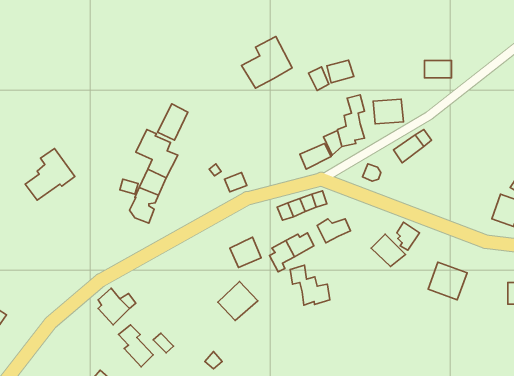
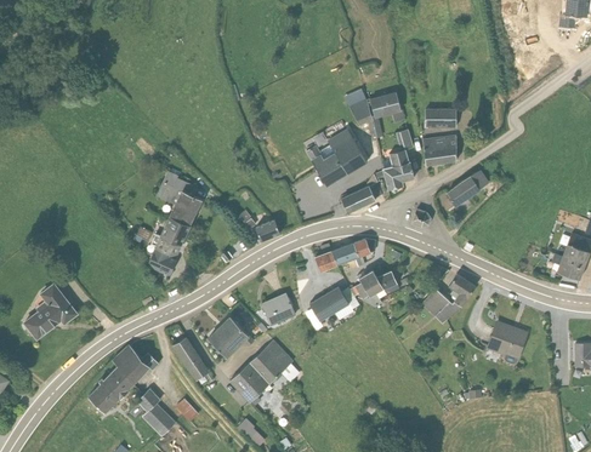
building: [241,36,292,88] -> [311,128,368,187]
building: [425,61,452,78] -> [425,108,455,127]
building: [157,104,188,140] -> none
building: [25,148,75,200] -> [22,281,78,339]
building: none -> [206,315,252,357]
building: [290,265,330,305] -> none
building: none -> [172,337,209,381]
building: none -> [229,364,267,401]
building: none -> [86,371,130,414]

